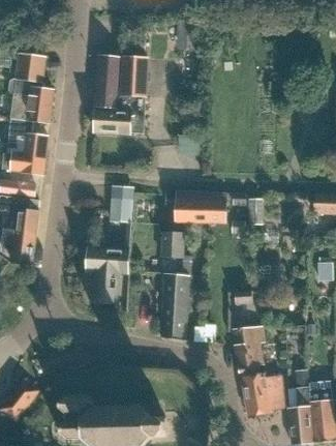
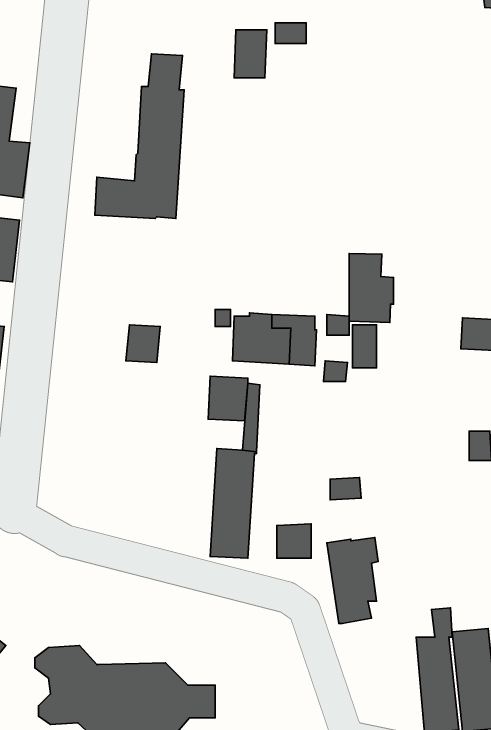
building: [95,56,119,107] -> none
building: none -> [349,254,394,322]
building: [86,247,130,304] -> none
building: [242,375,285,417] -> none

